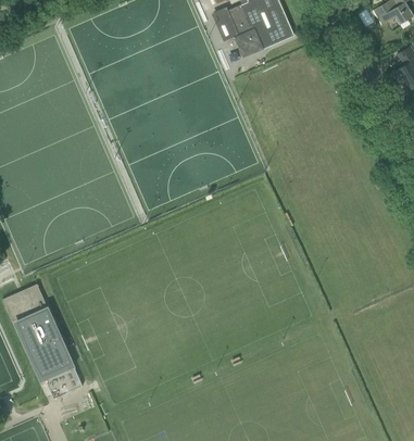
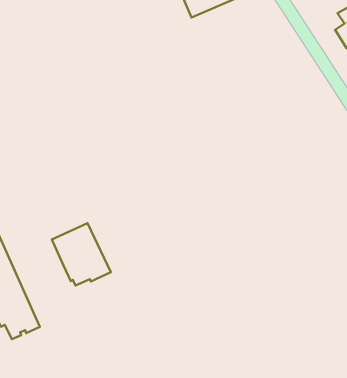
building: none -> [52,223,111,285]

